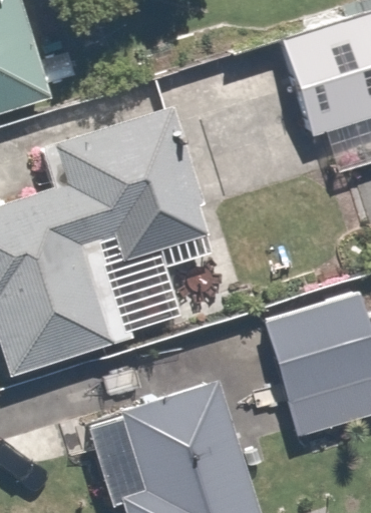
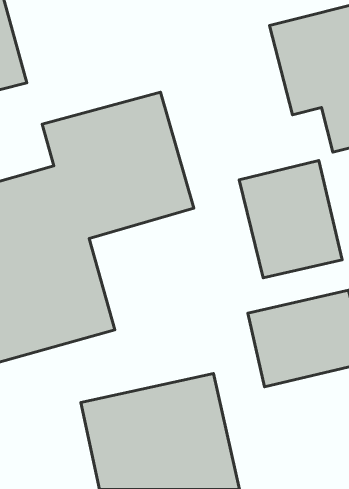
building: none -> [239,160,342,278]

